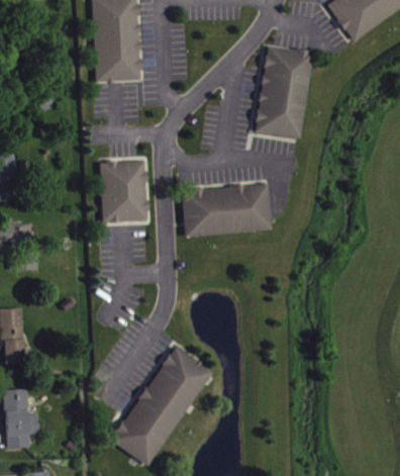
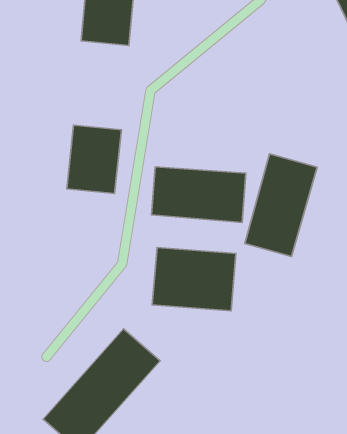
building: [255,45,312,138] -> [245,154,317,256]
building: none -> [152,248,236,311]

